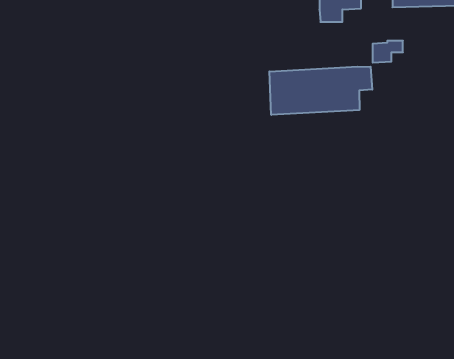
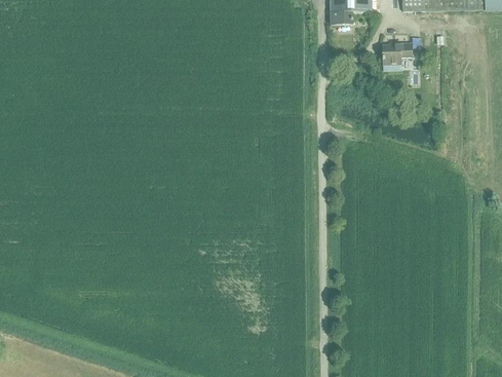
building: [269,67,372,115] -> none

